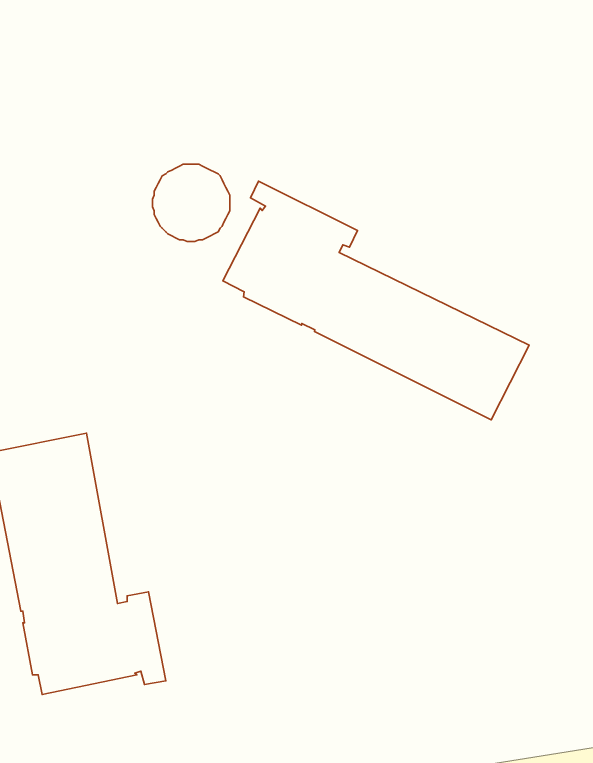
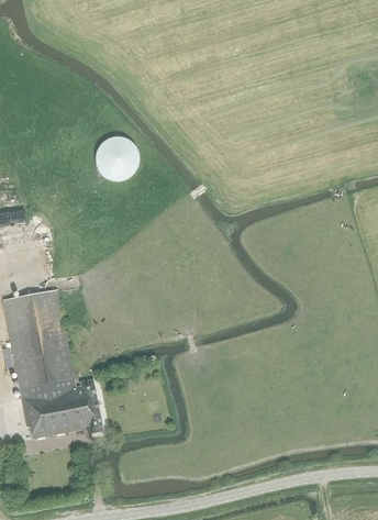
building: [223,181,529,420] -> none

